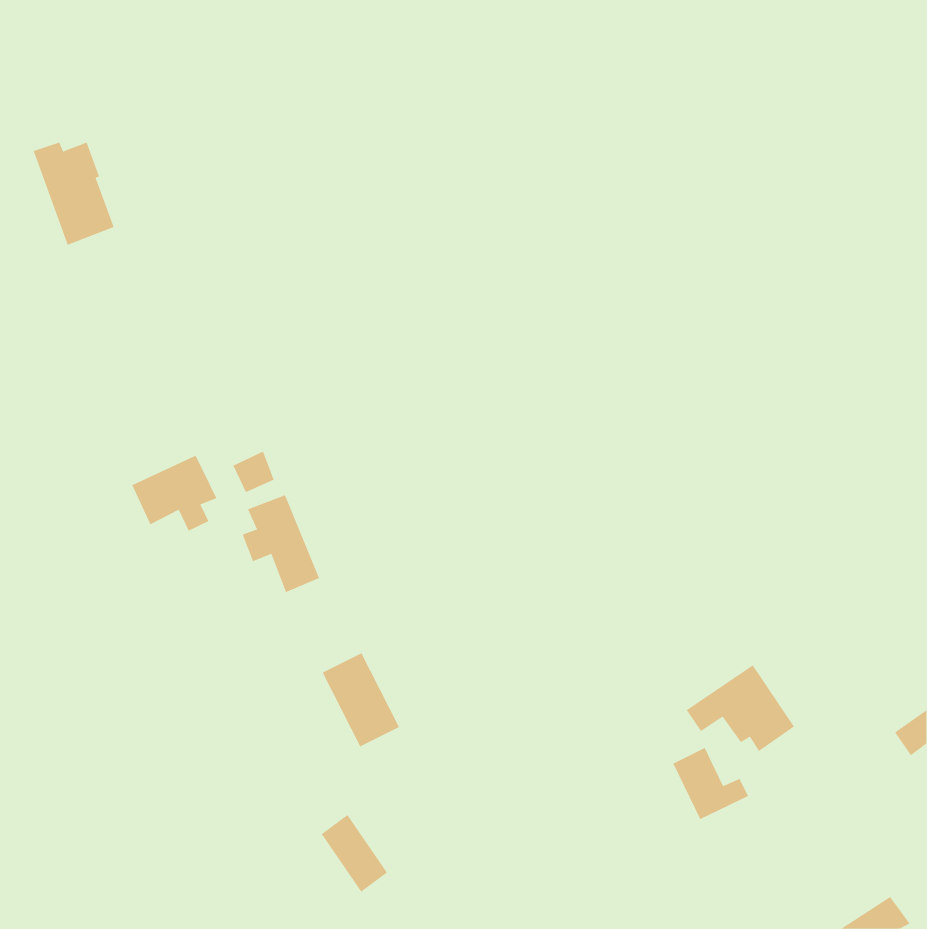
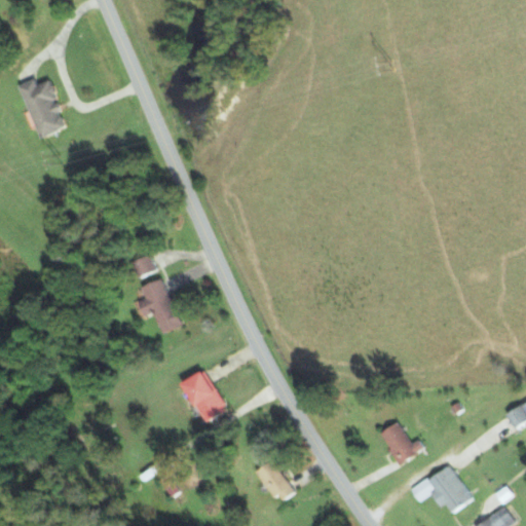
building: [132,455,217,532] -> none
building: [686,665,795,752] -> [410,463,472,513]
building: [321,814,388,892] -> [256,459,294,503]

